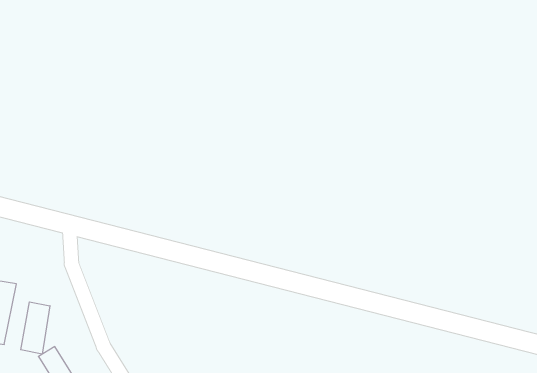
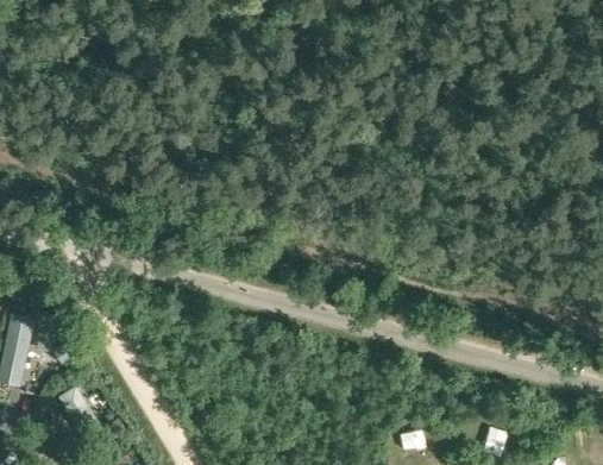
building: [21,302,50,354] -> none

